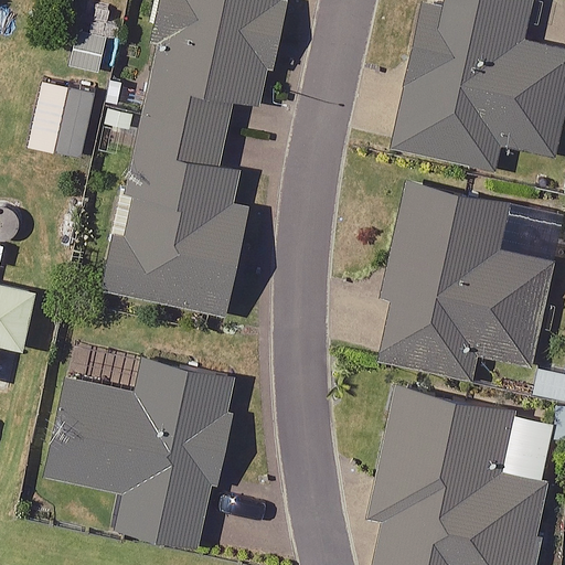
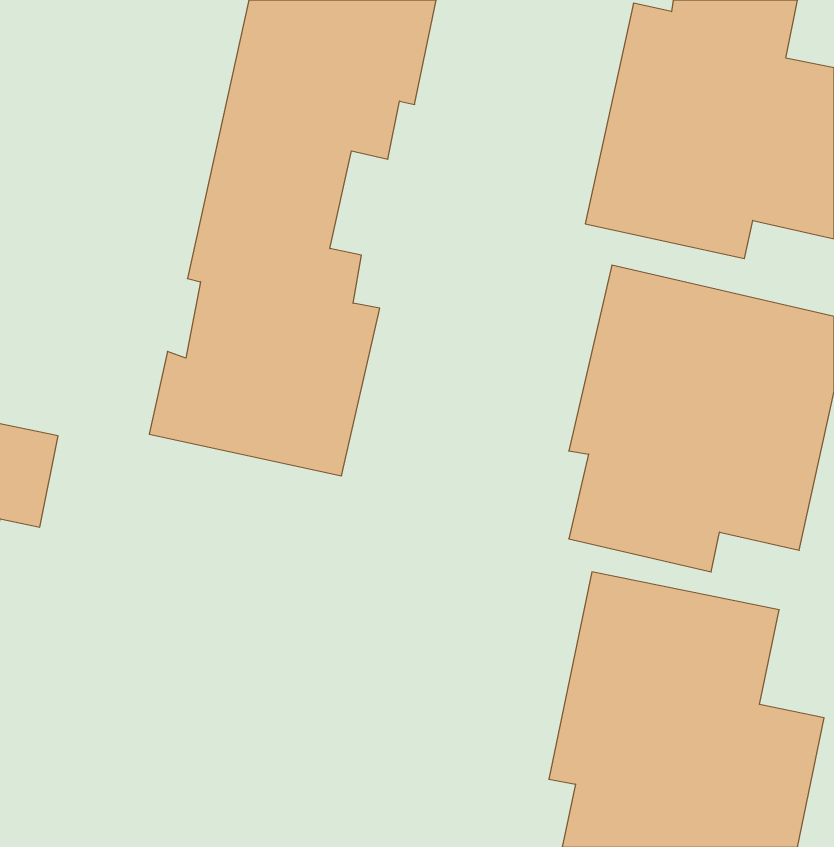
building: [29,81,97,157] -> none
building: [41,359,236,545] -> none

